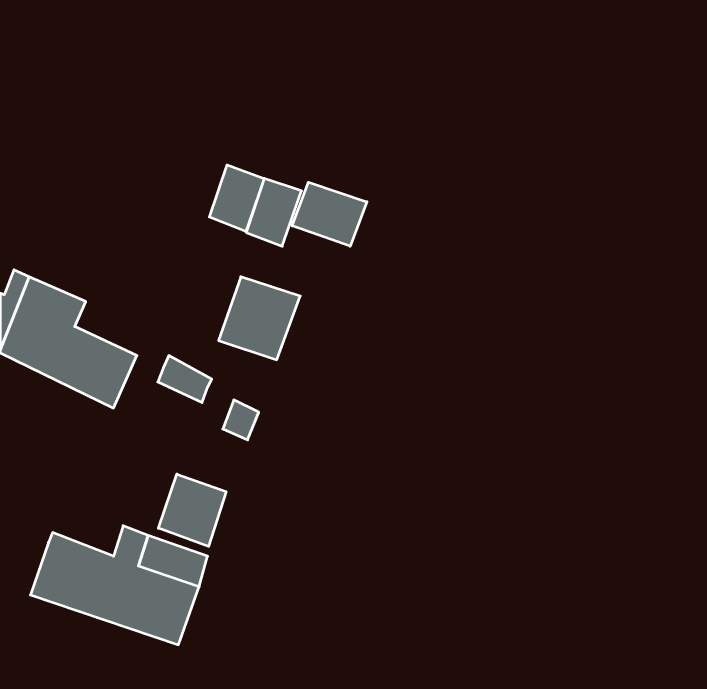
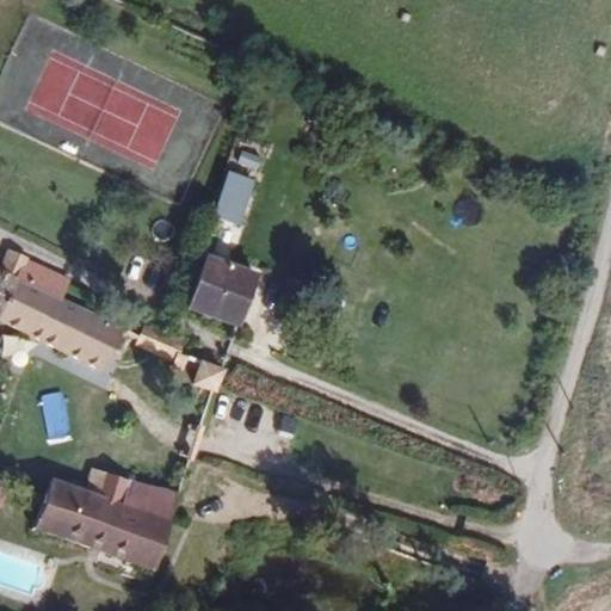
building: [209,165,264,232] -> none
building: [292,182,367,246] -> none
building: [158,474,226,546] -> none

